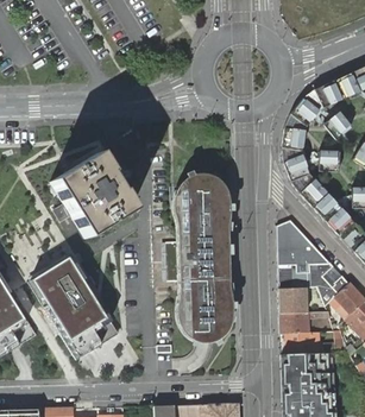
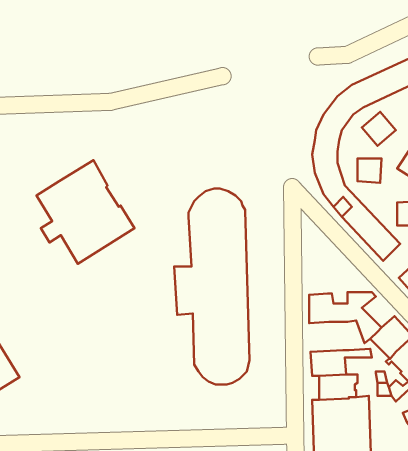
building: [277,220,331,265] -> none
building: [29,255,119,359] -> none
building: [278,288,311,312] -> none

